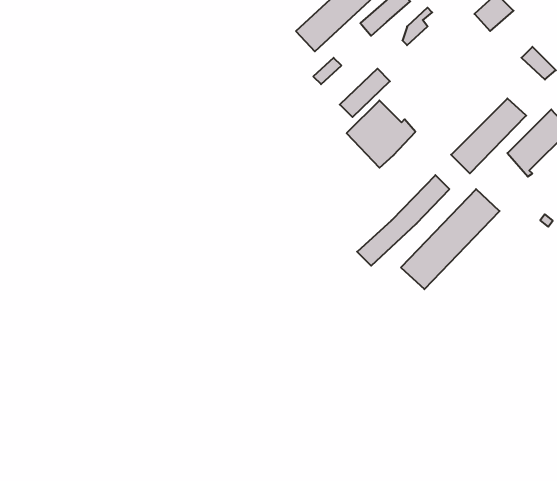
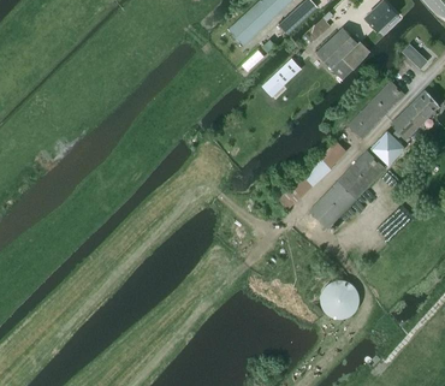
building: [347,100,415,168] -> [316,28,369,79]
building: none -> [369,130,405,166]
building: none -> [320,280,358,319]

